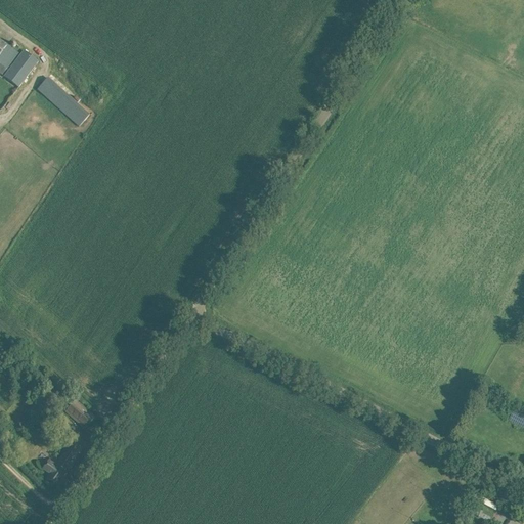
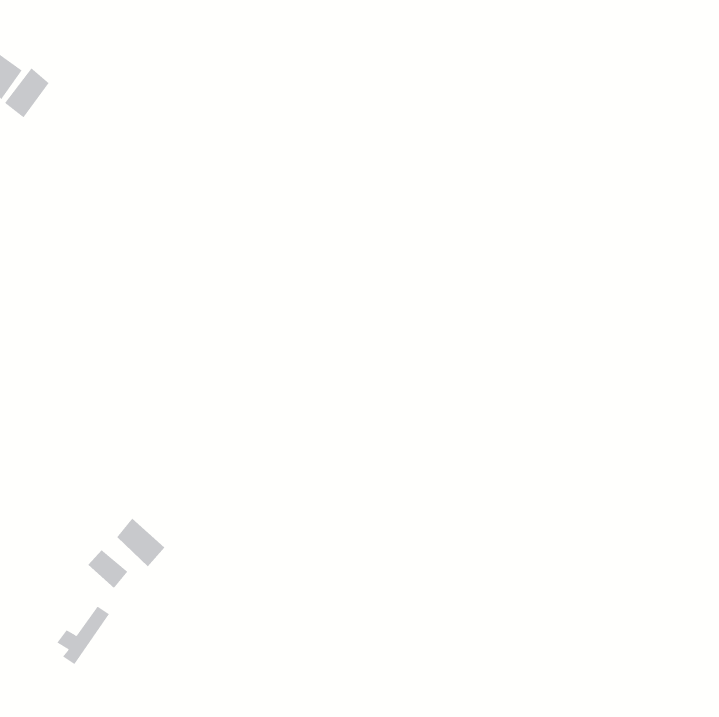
building: [35,76,89,125] -> none
building: none -> [116,518,165,567]

